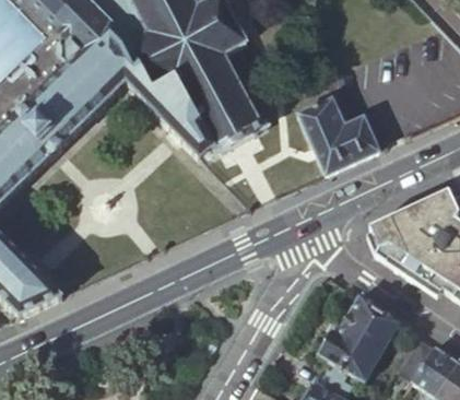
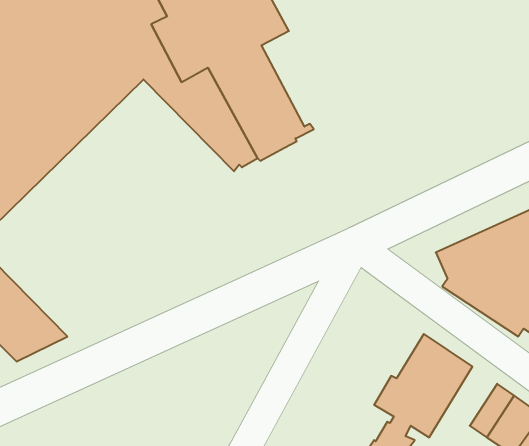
building: [296,95,379,174] -> none

